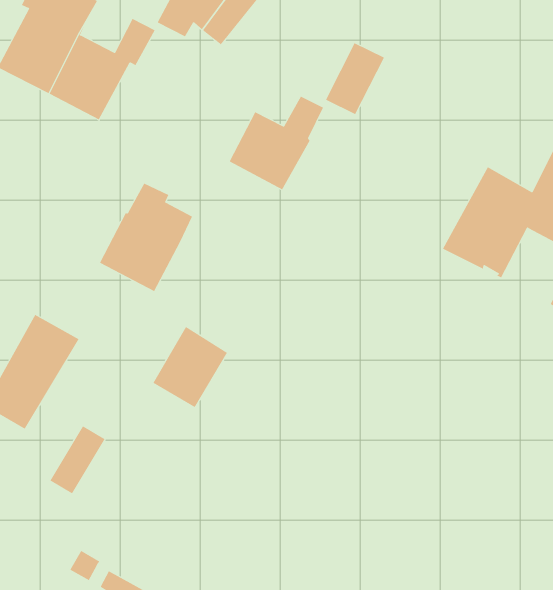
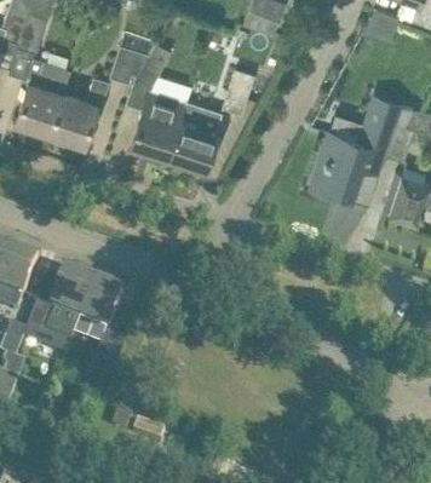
building: [99,183,193,292] -> [131,87,184,154]
building: [152,326,228,408] -> [80,280,123,329]

